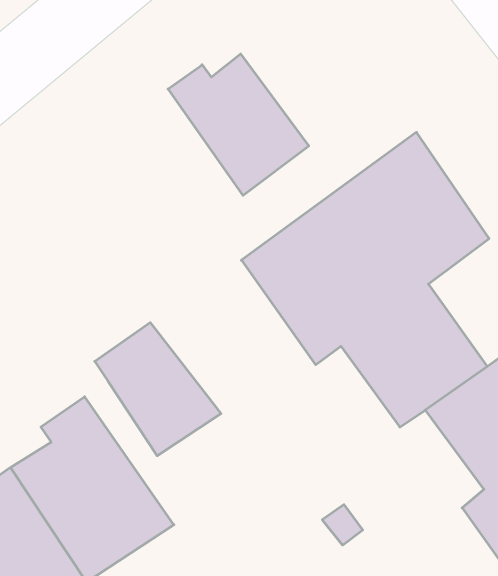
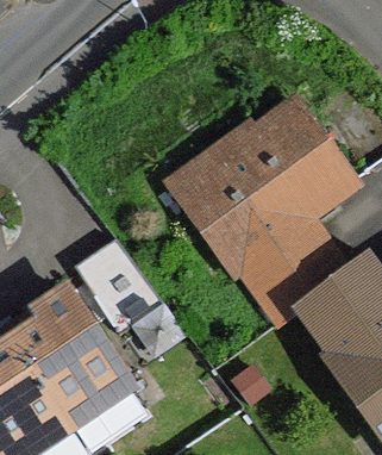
building: [168,54,309,195] -> none

